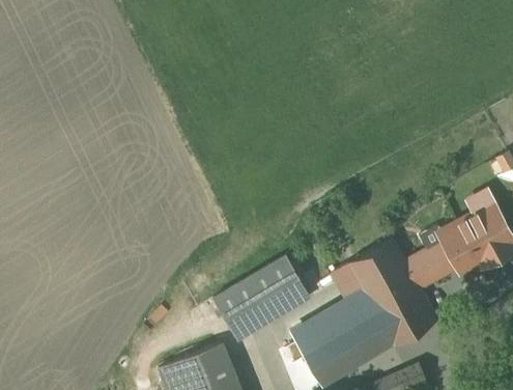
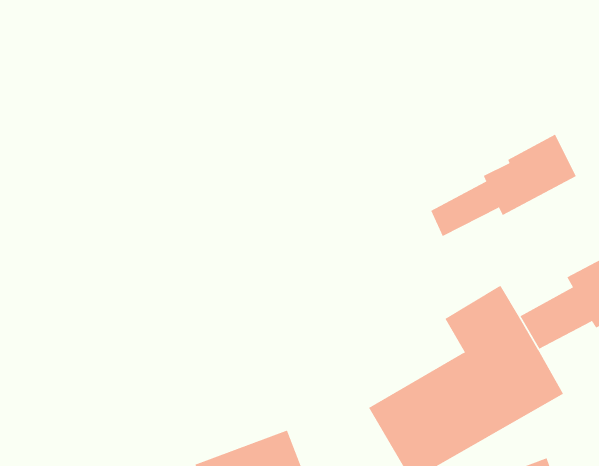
building: none -> [430,134,577,237]
building: [211,256,308,339] -> none

